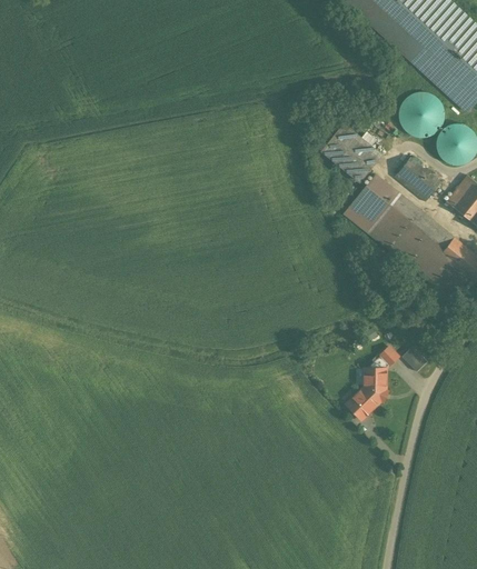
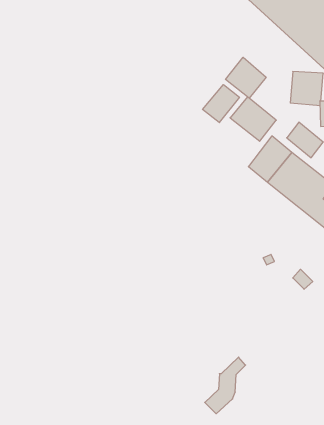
building: none -> [226,57,266,98]
building: none -> [203,85,239,123]
building: [347,347,399,419] -> [205,357,246,414]

